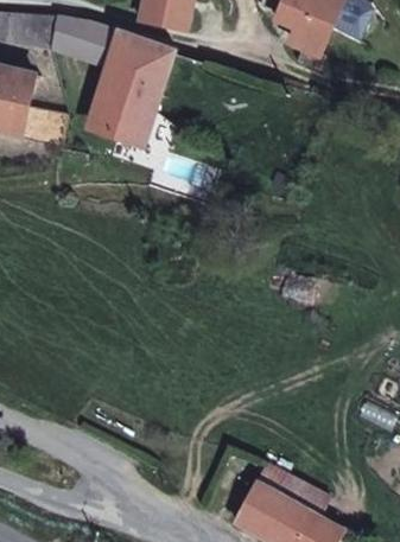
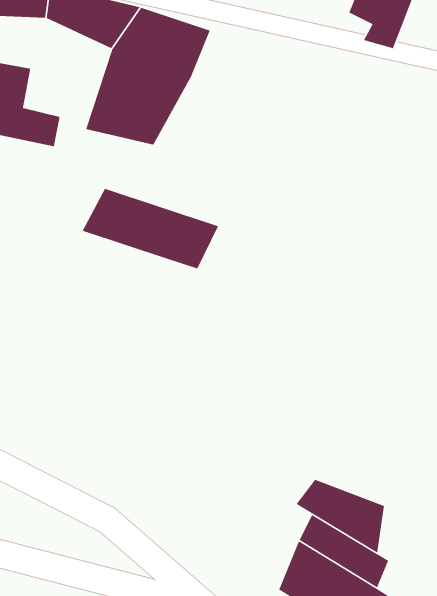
building: none -> [82,188,219,269]
building: none -> [295,479,385,554]

